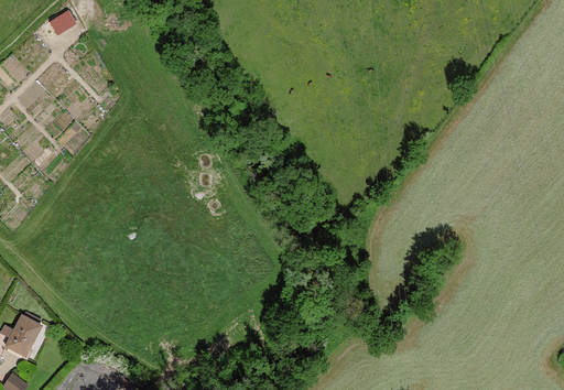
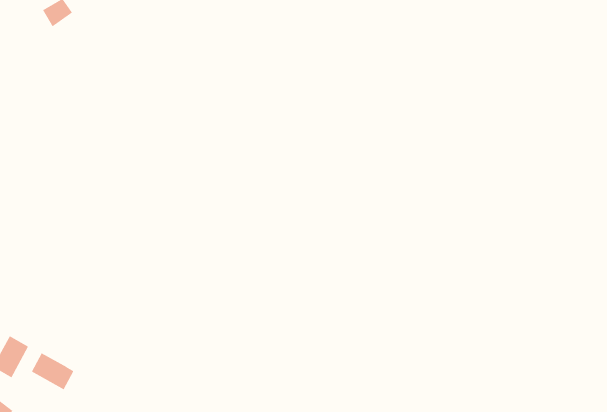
building: none -> [31,352,74,390]

